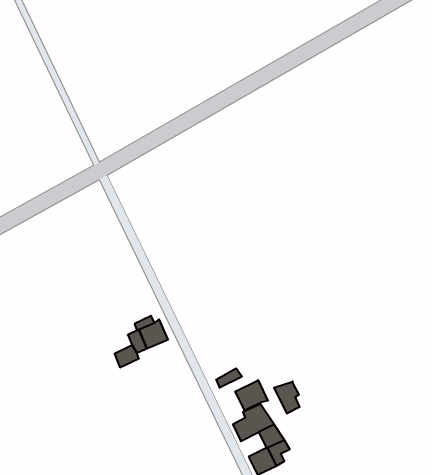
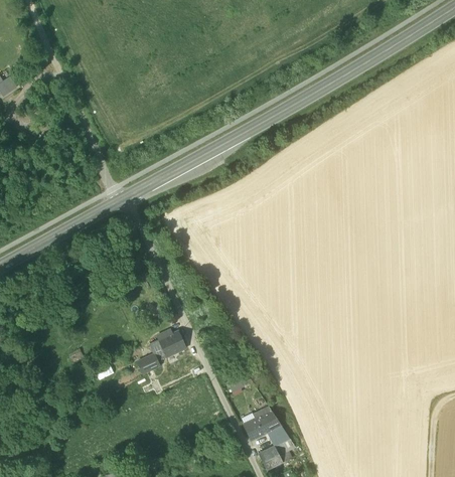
building: [235,380,268,410] -> none
building: [274,381,300,414] -> none

